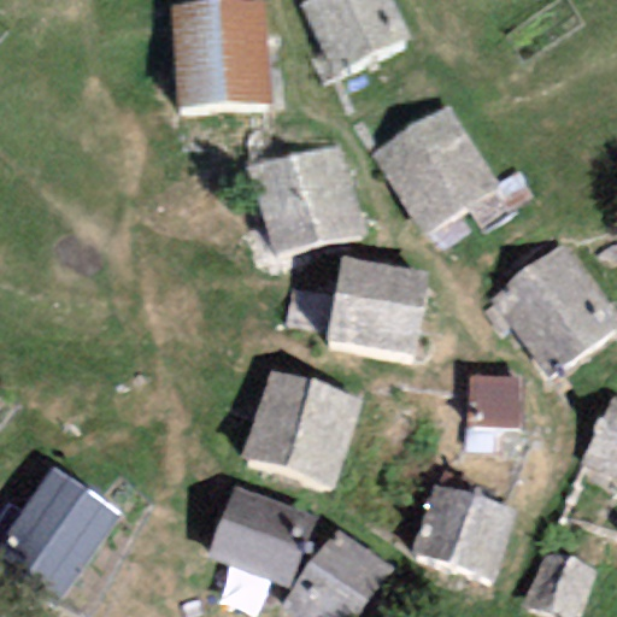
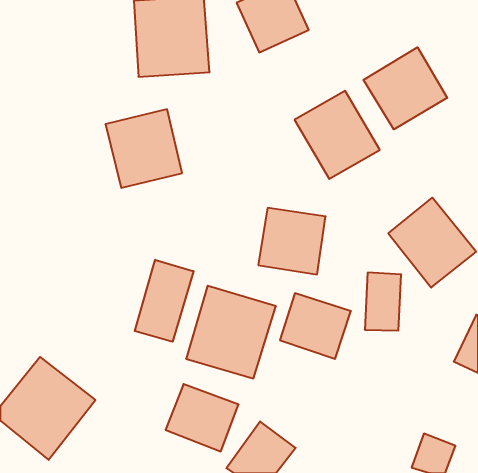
building: none -> [363,47,447,129]
building: [258,149,357,251] -> [105,109,182,188]
building: none -> [135,260,194,342]
building: [416,492,507,576] -> [280,293,351,359]

